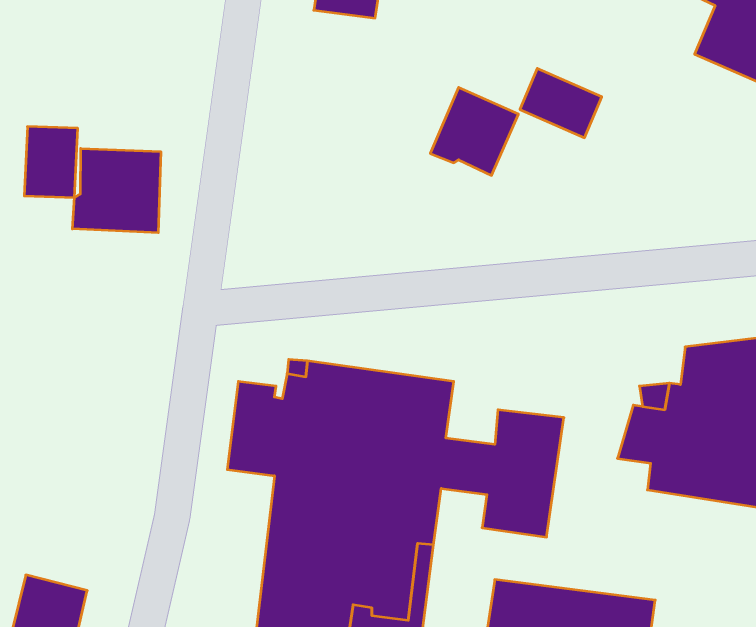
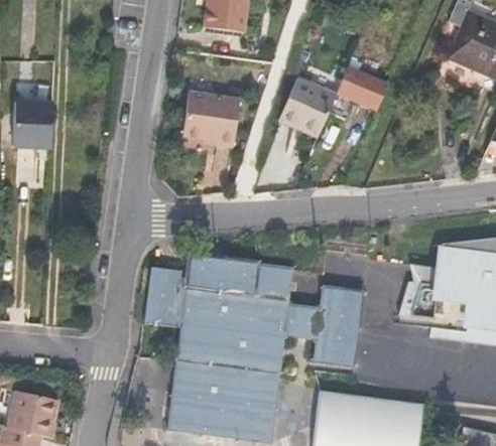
building: none -> [183,95,240,149]
building: [72,148,161,233] -> none

